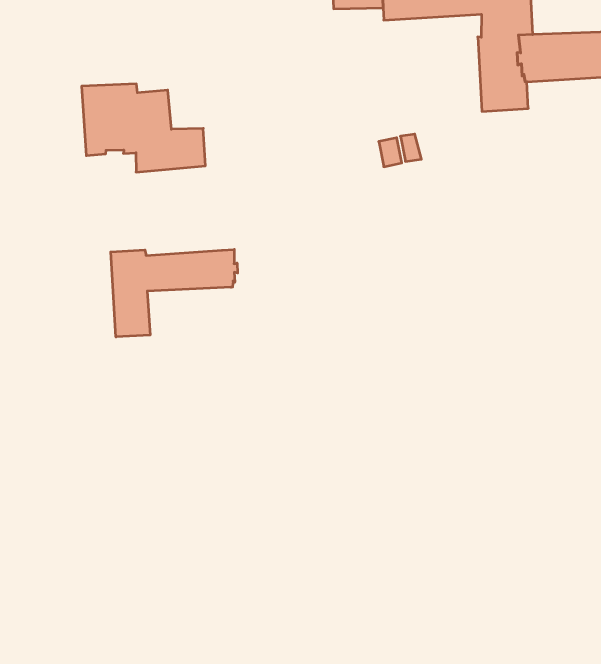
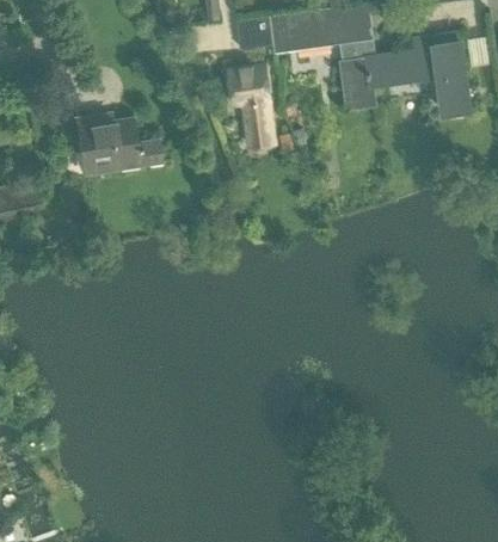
building: none -> [227,64,276,148]
building: [111,249,238,337] -> none

